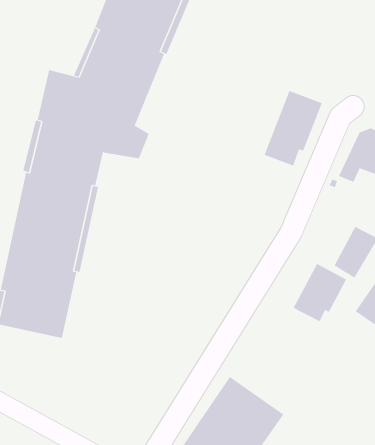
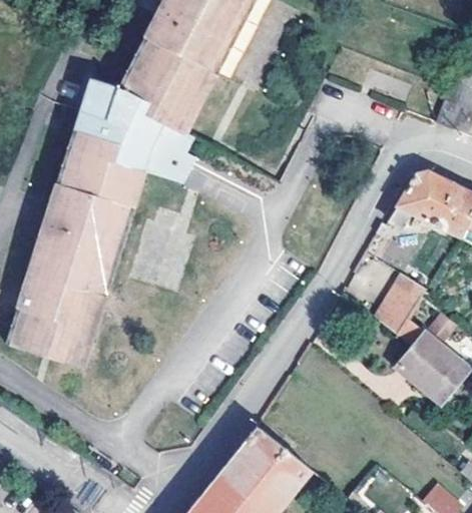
building: [264,90,322,166] -> none
building: [293,263,347,322] -> none

